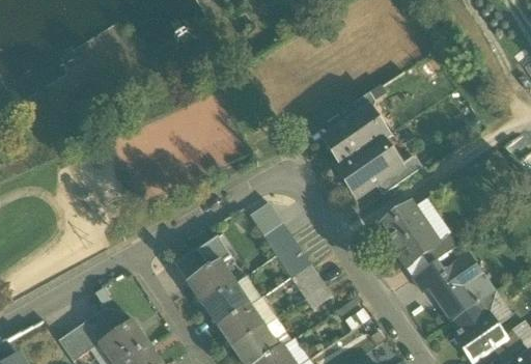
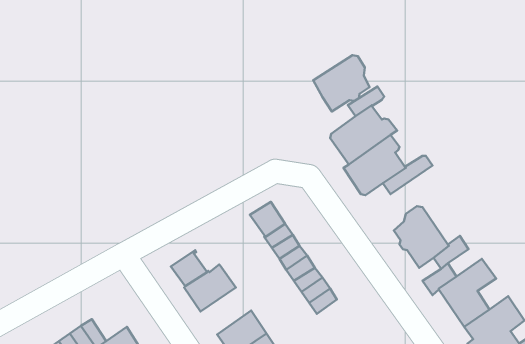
building: none -> [313,55,370,112]
building: [197,235,231,268] -> none
building: [203,282,251,327] -> none

